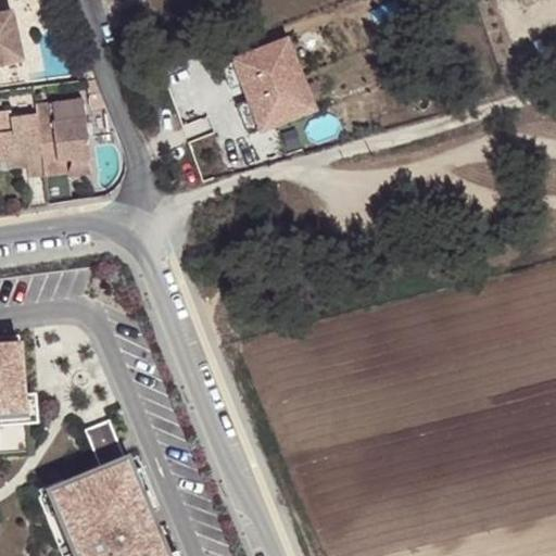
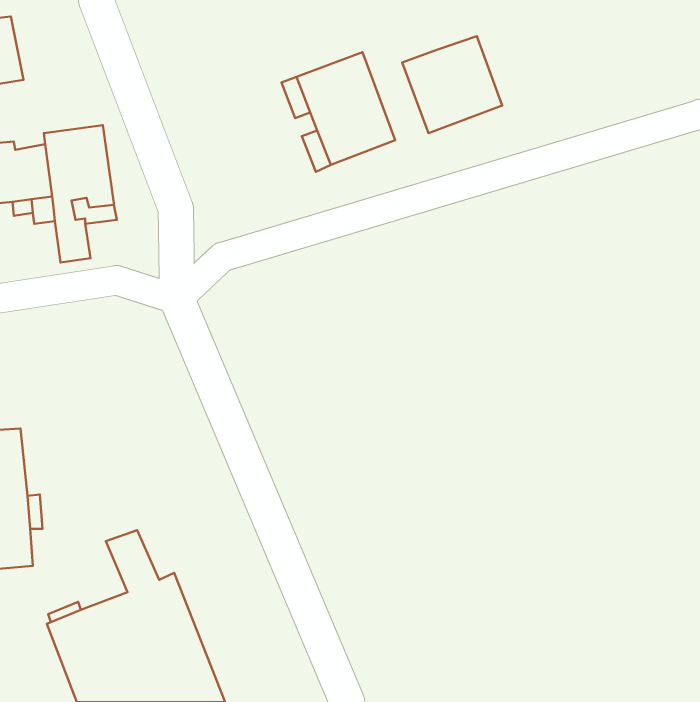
building: none -> [402,36,502,133]

